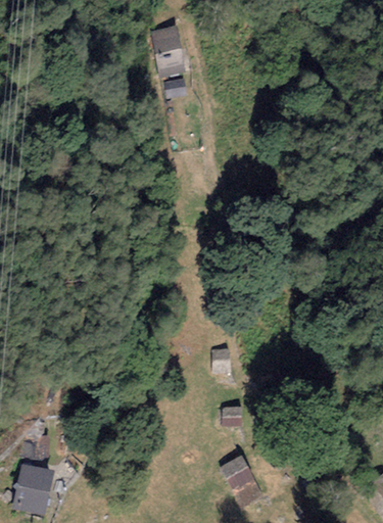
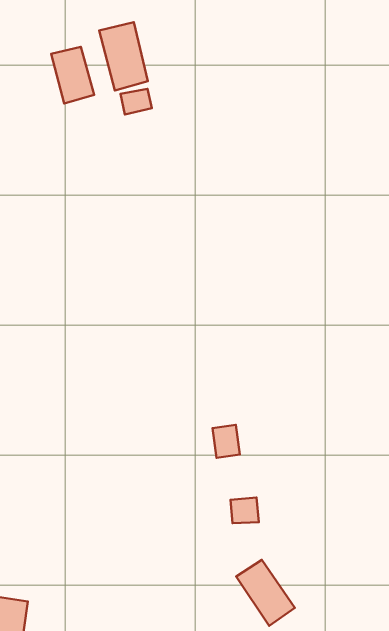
building: none -> [51,47,94,103]

